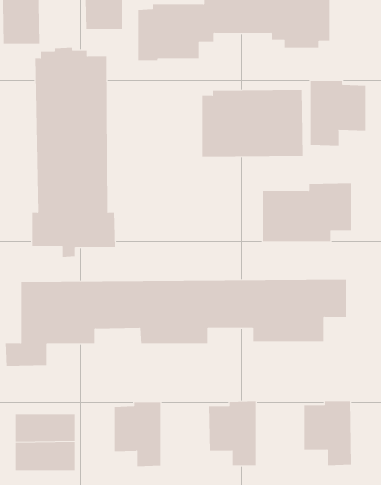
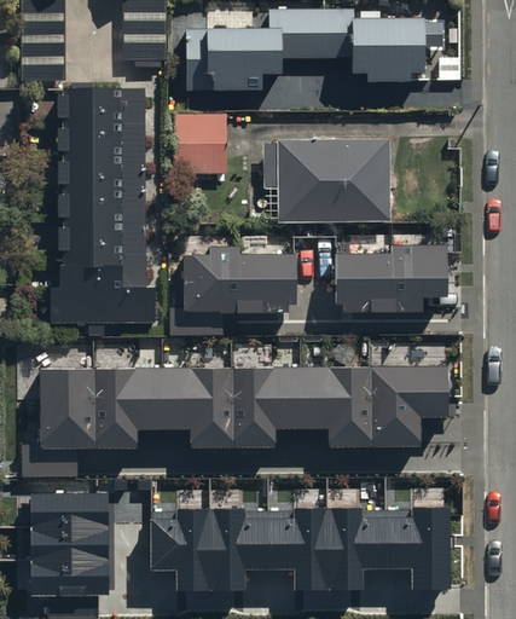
building: none -> [174,108,224,169]
building: [310,80,366,147] -> none
building: none -> [173,256,295,337]
building: none -> [33,493,108,530]
building: none -> [330,514,388,594]
building: none -> [213,515,272,594]

